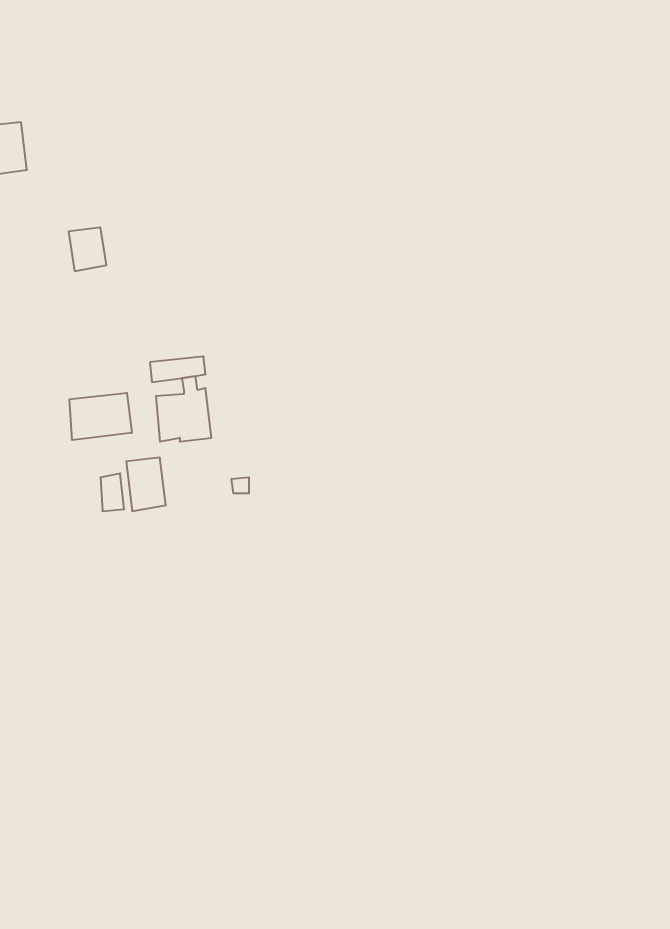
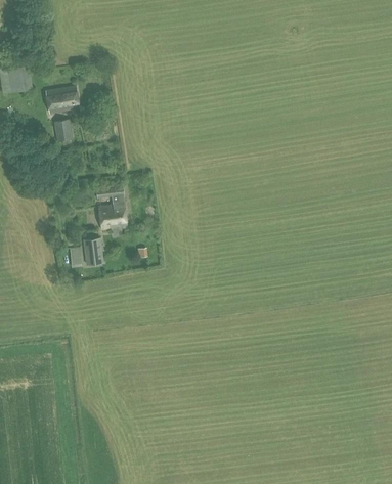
building: none -> [46,86,79,113]
building: [70,393,132,440] -> none

